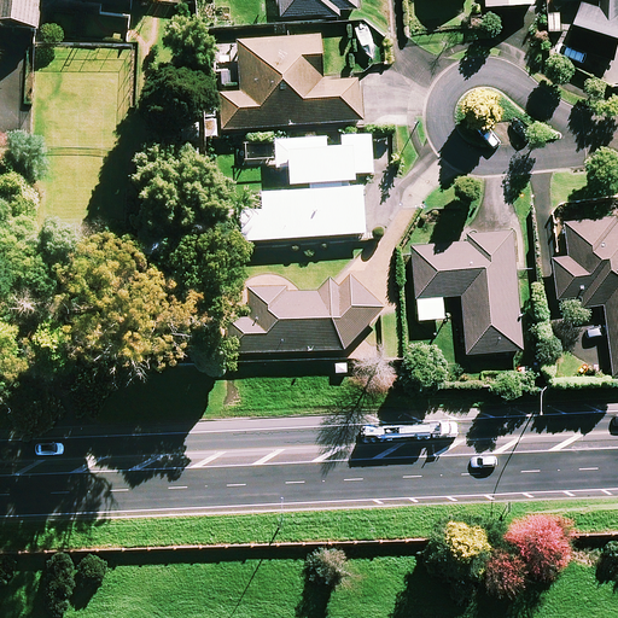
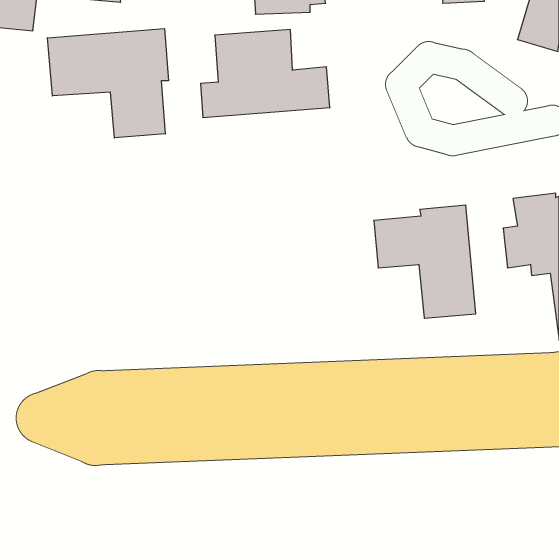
building: none -> [48,29,168,138]
building: [240,134,373,240] -> none
building: [245,270,381,354] -> none

